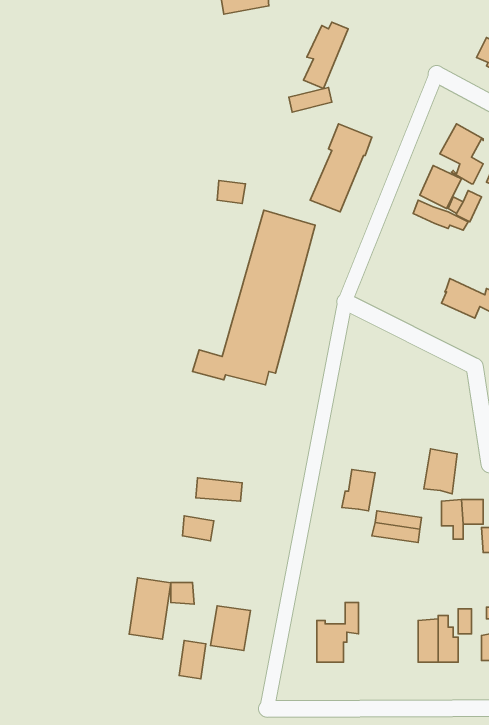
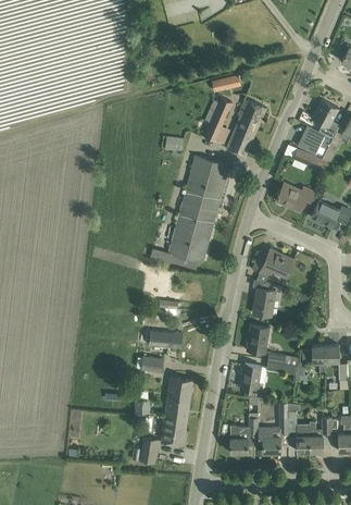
building: [303,22,348,89] -> [202,98,231,141]
building: none -> [276,183,314,211]
building: none -> [256,248,293,283]
building: [424,449,457,494] -> [253,287,275,317]
building: none -> [241,364,261,394]
building: [129,578,171,639] -> [165,378,192,418]
building: none -> [258,403,289,452]

